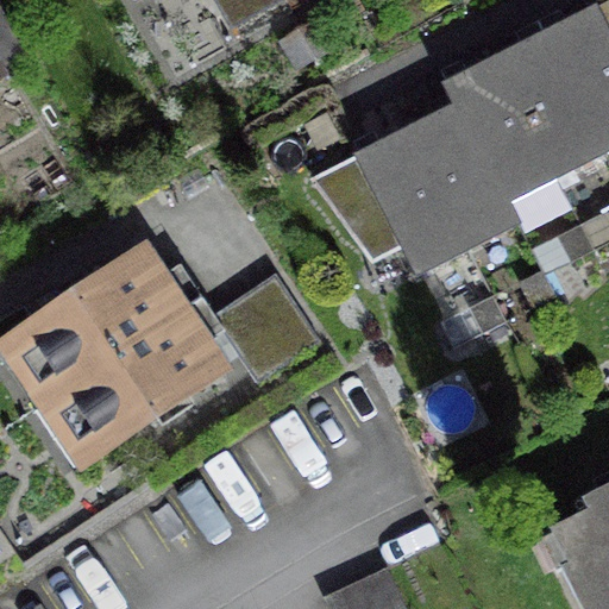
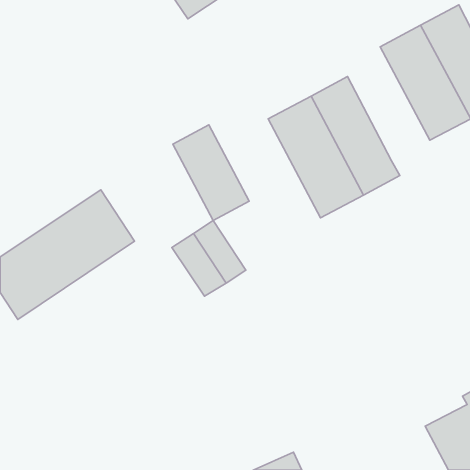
building: [445,59,557,205] -> none
building: none -> [173,125,249,221]
building: [32,307,221,466] -> none

